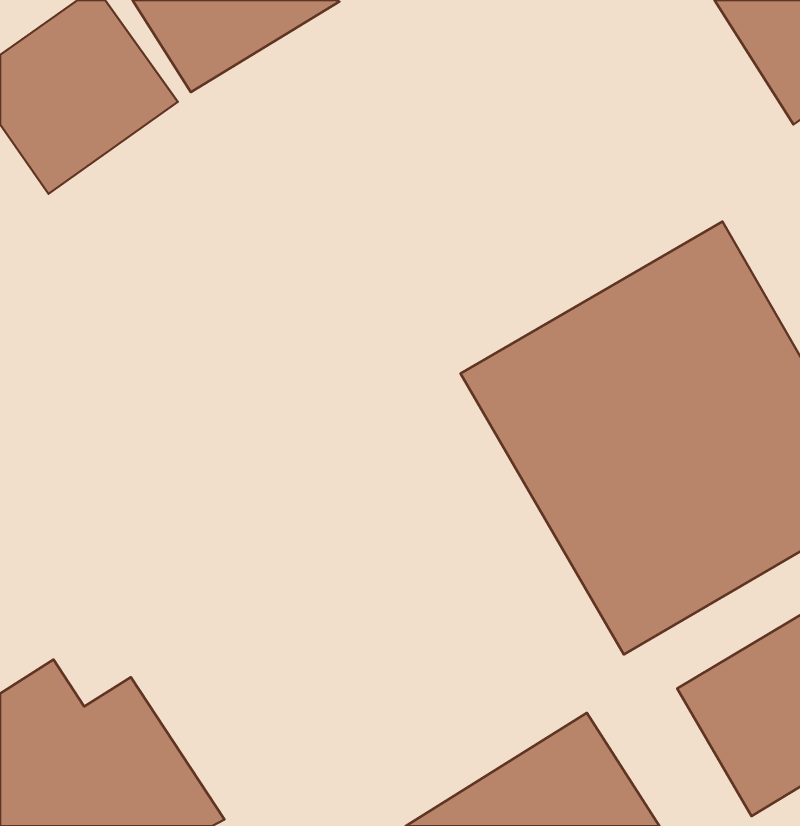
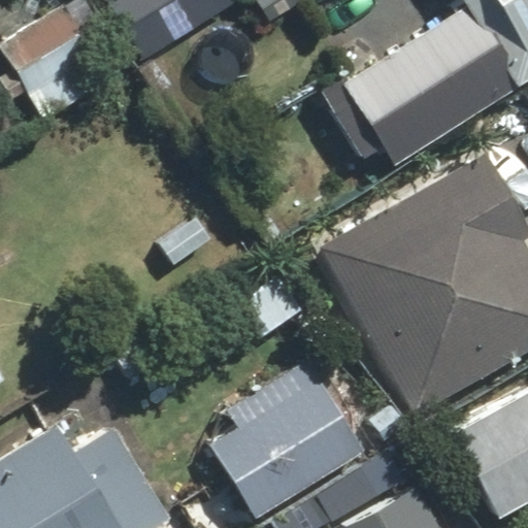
building: none -> [316,7,509,172]
building: none -> [205,362,368,522]

